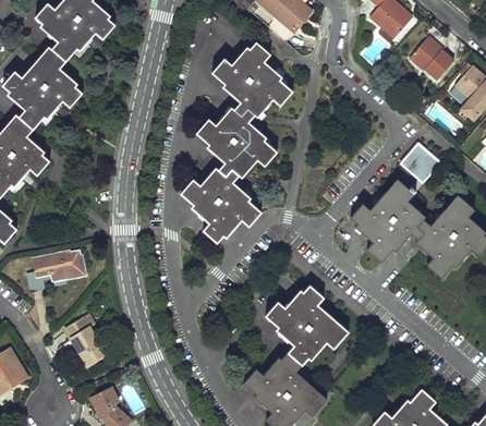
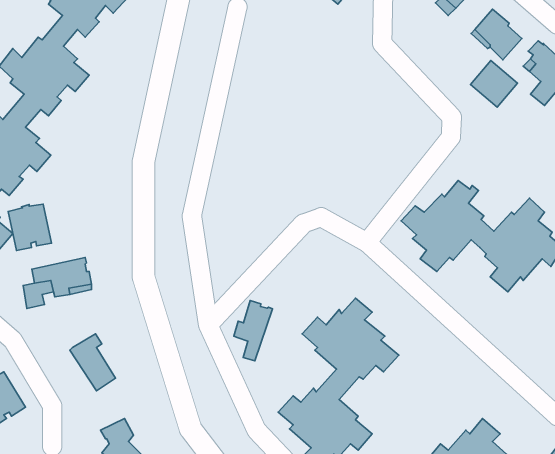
building: [181,42,292,243] -> none
building: [400,144,440,184] -> [471,60,517,107]
building: none -> [8,204,52,250]
building: none -> [234,300,273,361]

